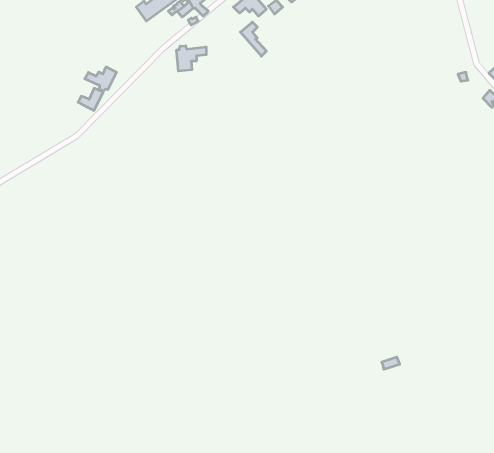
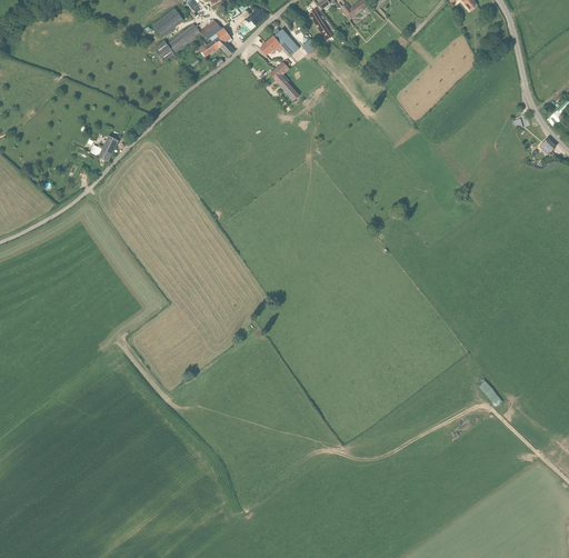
building: [177,46,206,71] -> none
building: [85,67,116,91] -> none

